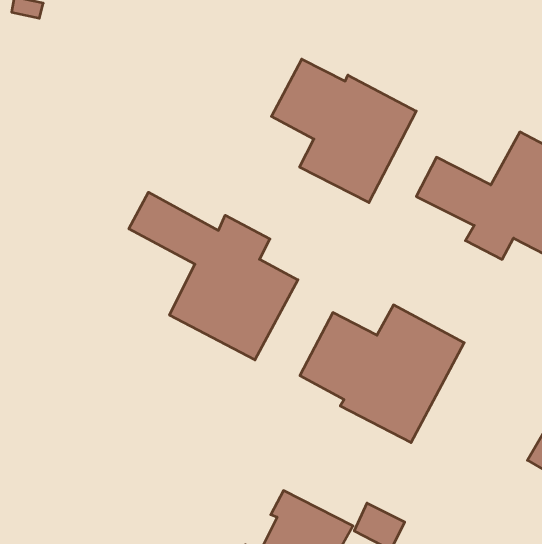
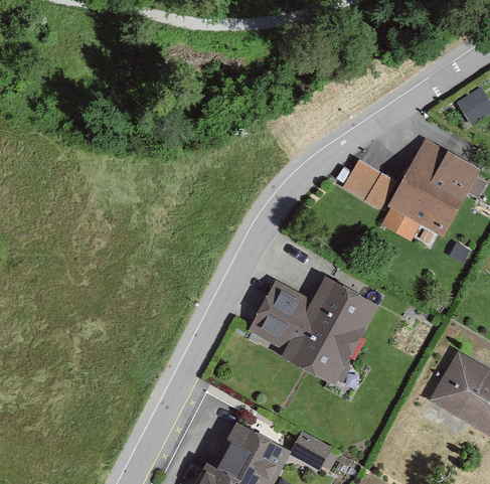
building: [271,59,416,203] -> none
building: [129,192,298,360] -> none

